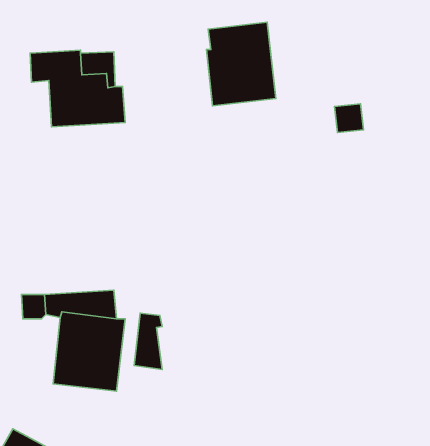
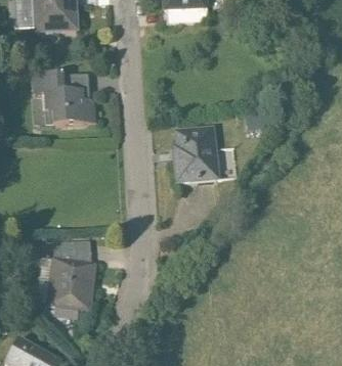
building: [207,22,276,106] -> [171,125,220,184]
building: [134,313,162,369] -> none

